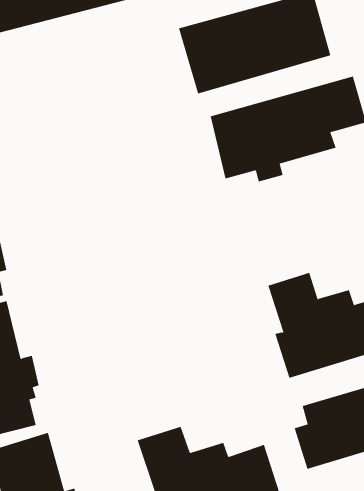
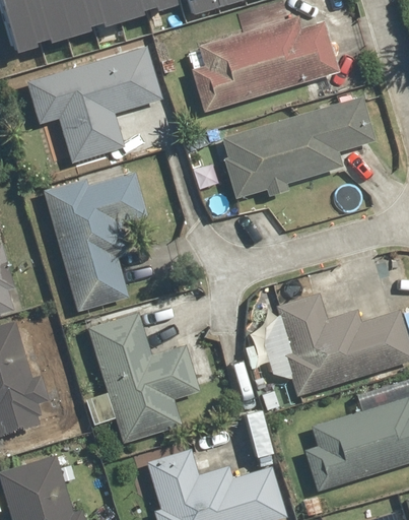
building: none -> [28,45,163,164]
building: none -> [43,172,152,311]
building: none -> [86,307,203,443]

